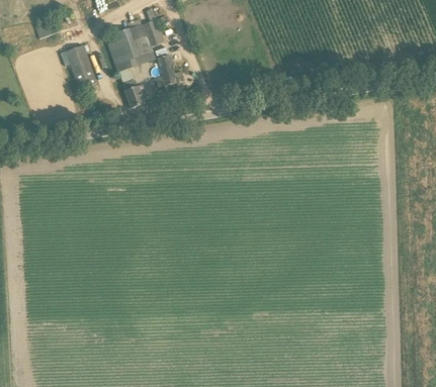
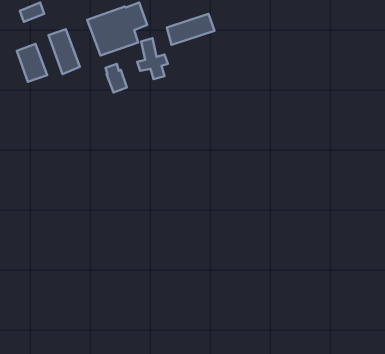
building: none -> [167,14,214,45]
building: none -> [17,44,47,82]

